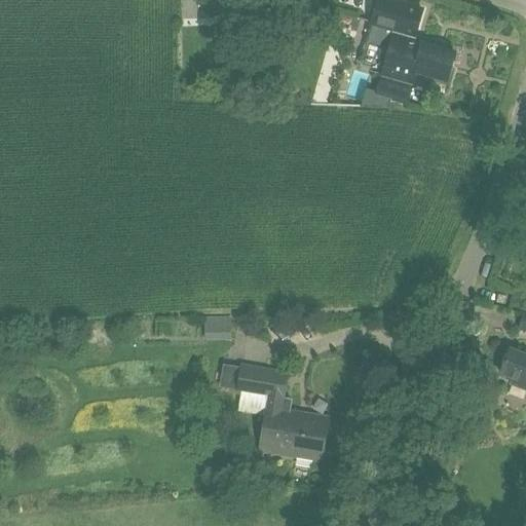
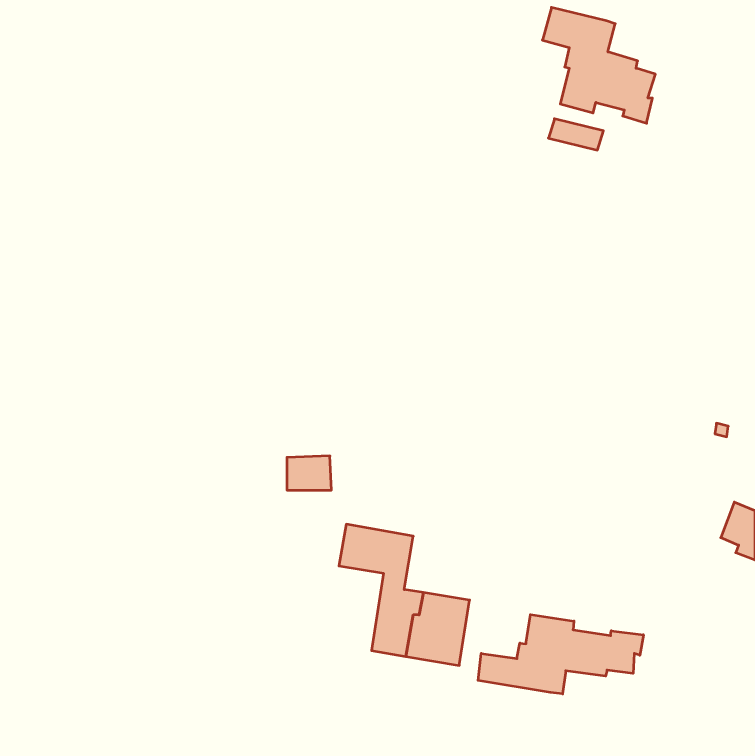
building: none -> [478,615,643,694]

